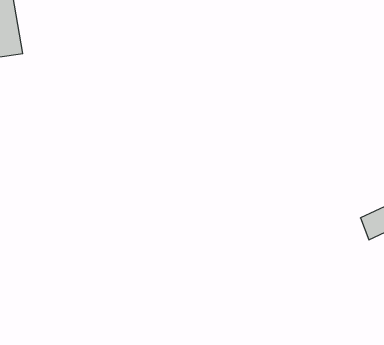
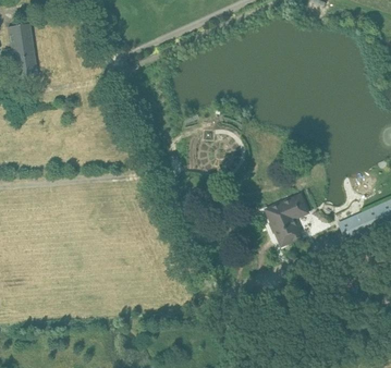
building: none -> [271,199,301,242]

